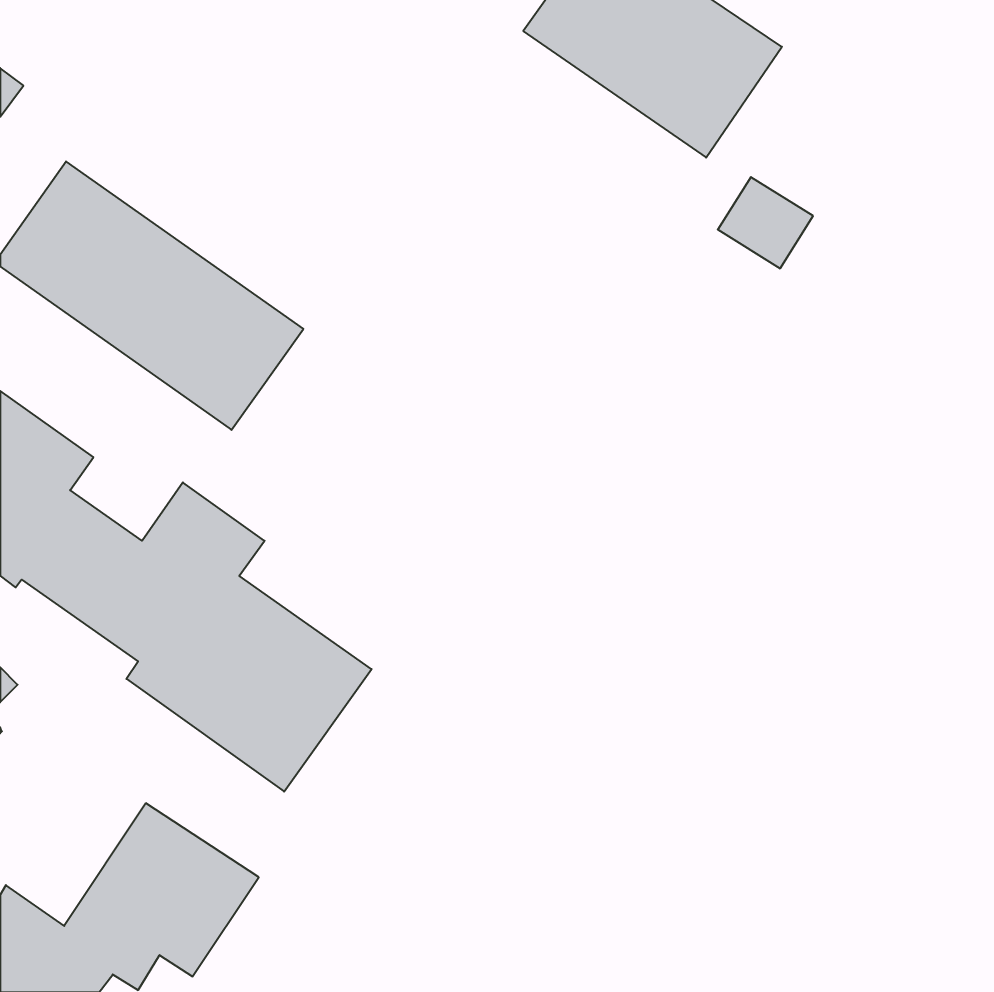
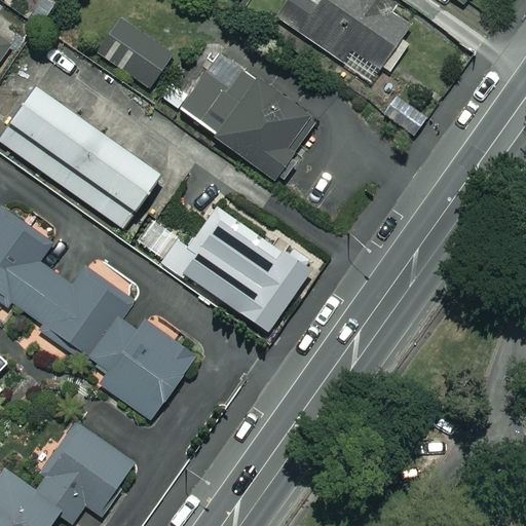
building: none -> [98,16,174,87]
building: none -> [160,54,316,182]
building: none -> [176,208,308,330]

